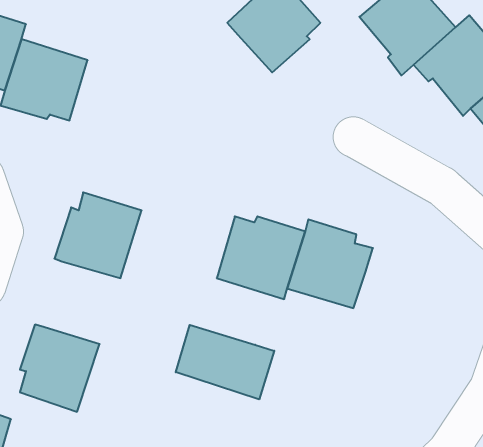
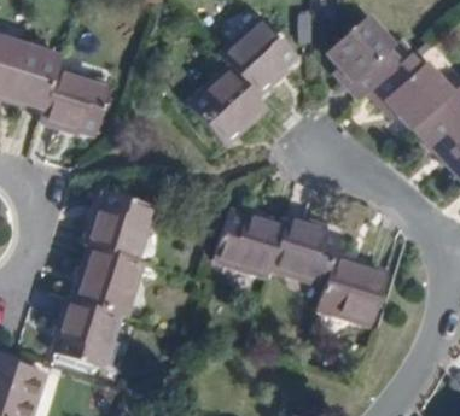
building: none -> [188,65,267,142]
building: none -> [71,247,141,315]
building: none -> [315,256,386,326]
building: [176,325,274,399] -> none

